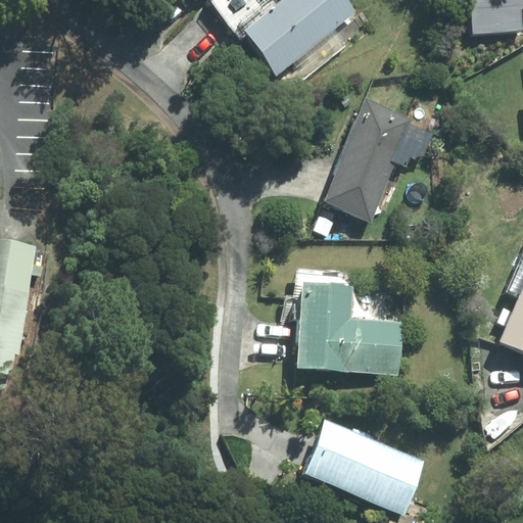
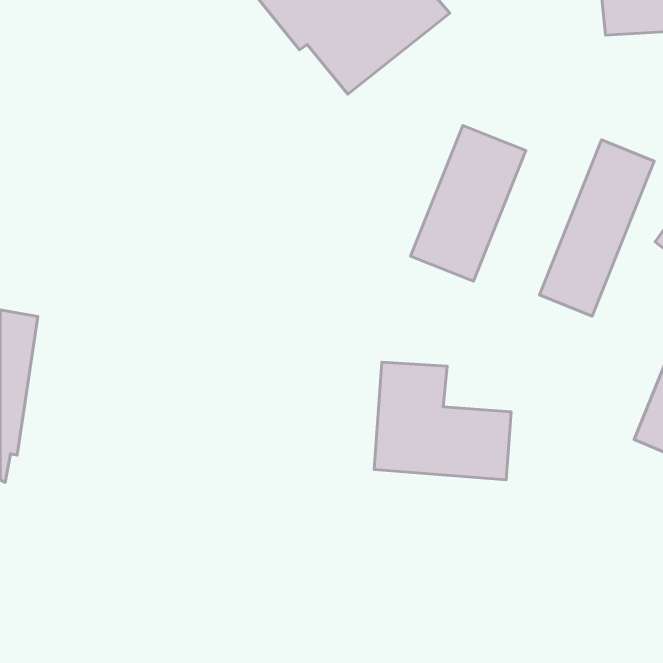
building: none -> [540,140,654,316]
building: [301,420,424,514] -> none

